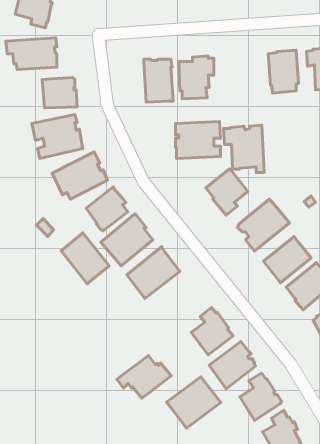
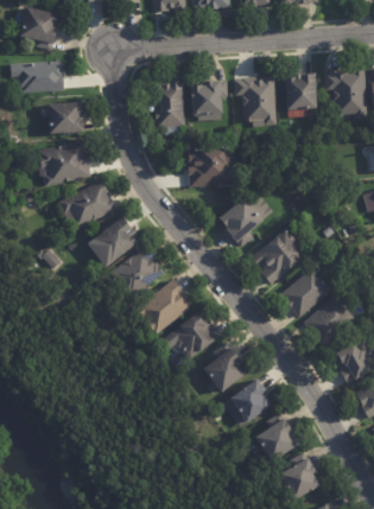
building: [224,125,264,173] -> [233,75,275,125]
building: [61,233,109,284] -> none
building: [117,355,171,398] -> [163,313,220,358]
building: [167,377,221,428] -> none

